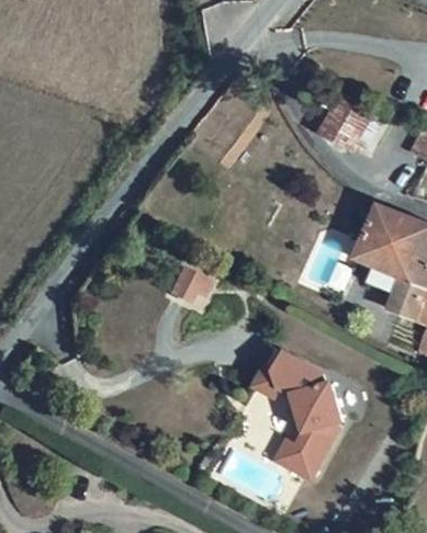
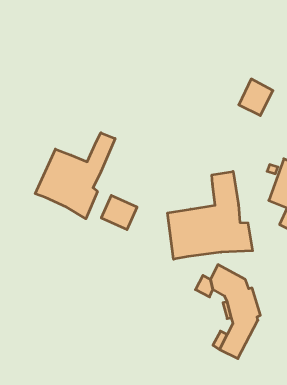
building: none -> [35,133,115,219]
building: none -> [168,171,253,259]

